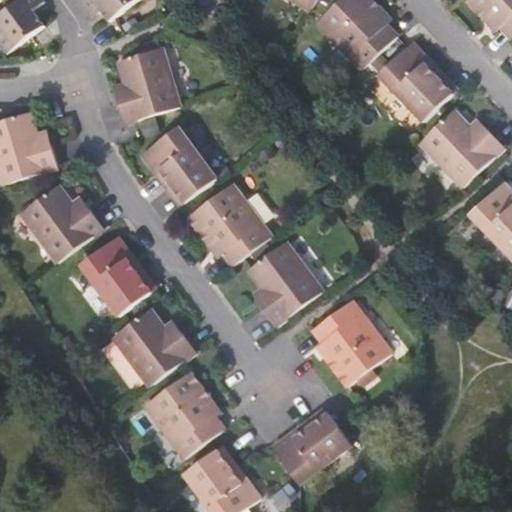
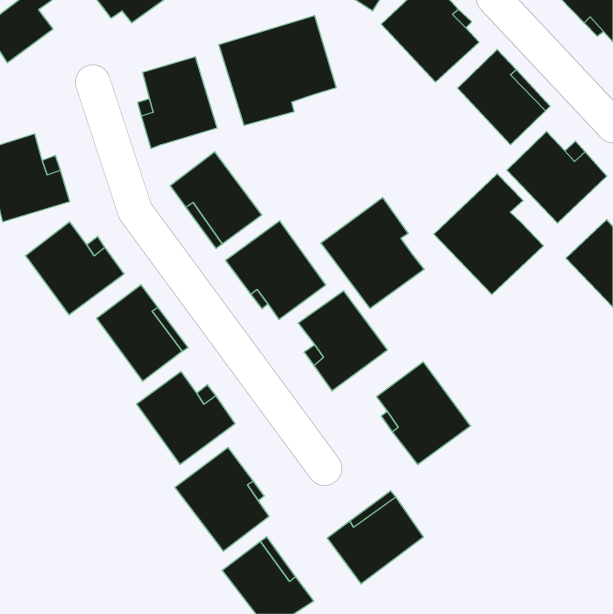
building: none -> [219,15,336,125]
building: none -> [434,174,544,294]
building: none -> [321,198,424,308]

